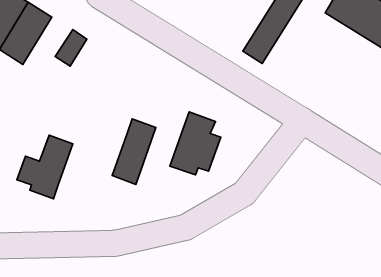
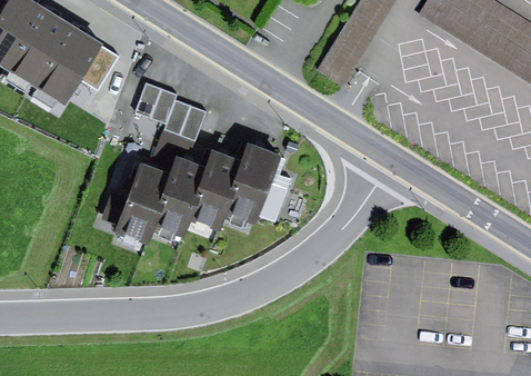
building: none -> [38,26,101,102]
building: none -> [134,82,208,142]
building: none -> [188,150,243,230]
building: [17,135,73,199] -> [99,162,170,244]

